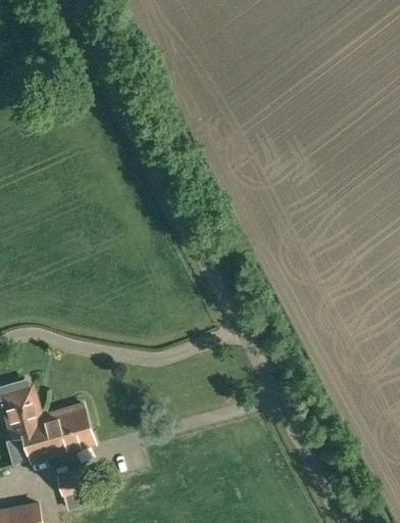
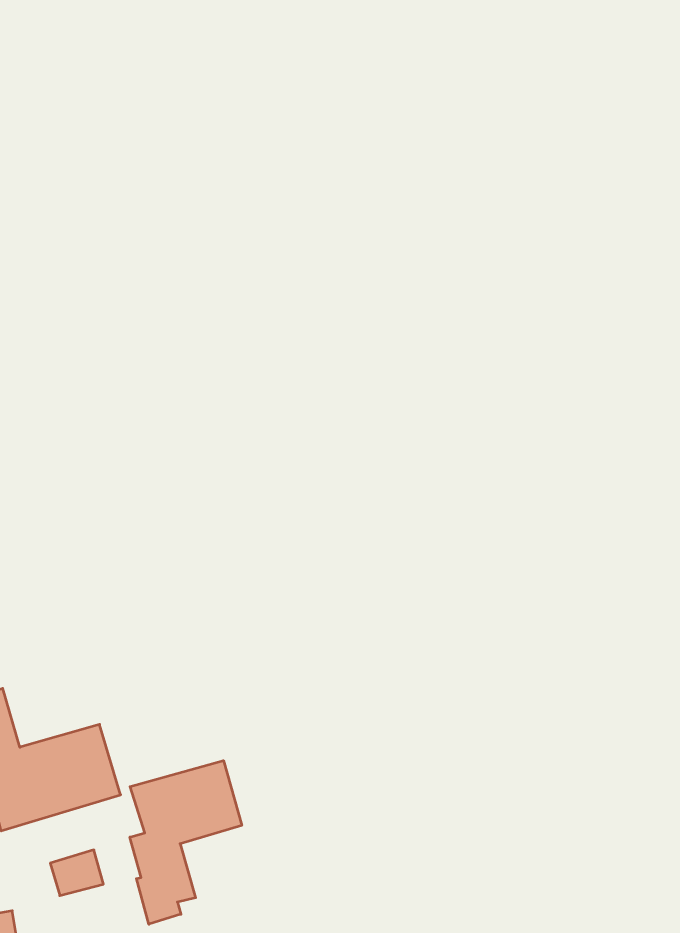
building: none -> [130,761,242,924]

